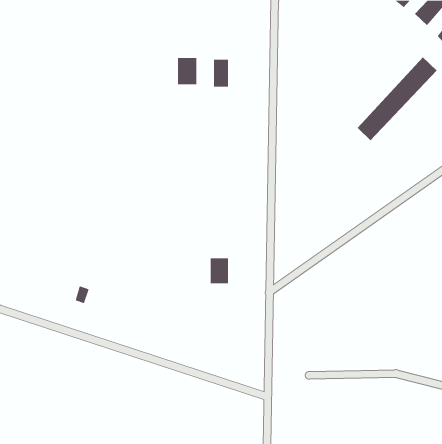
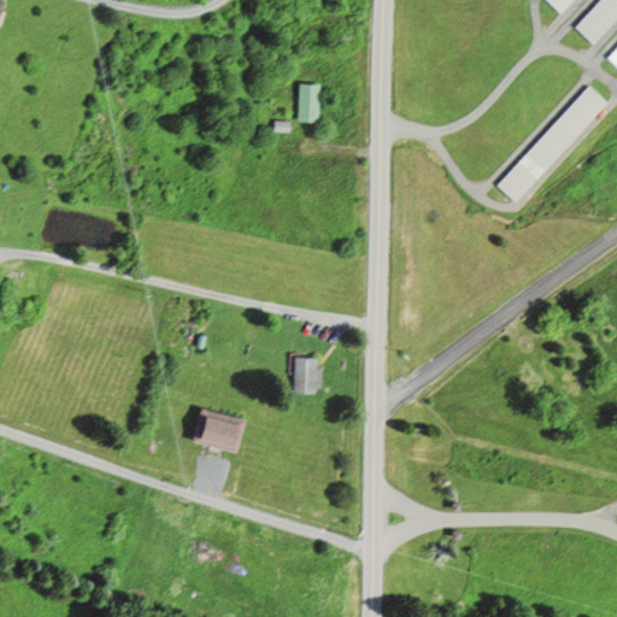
building: [177,57,197,85] -> none
building: none -> [193,411,245,453]

